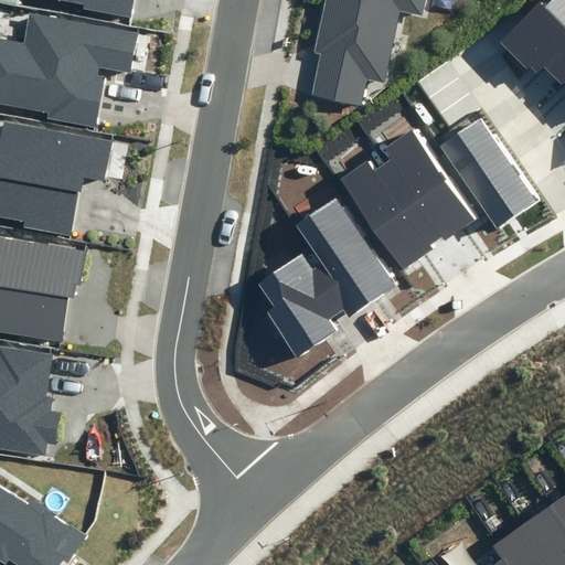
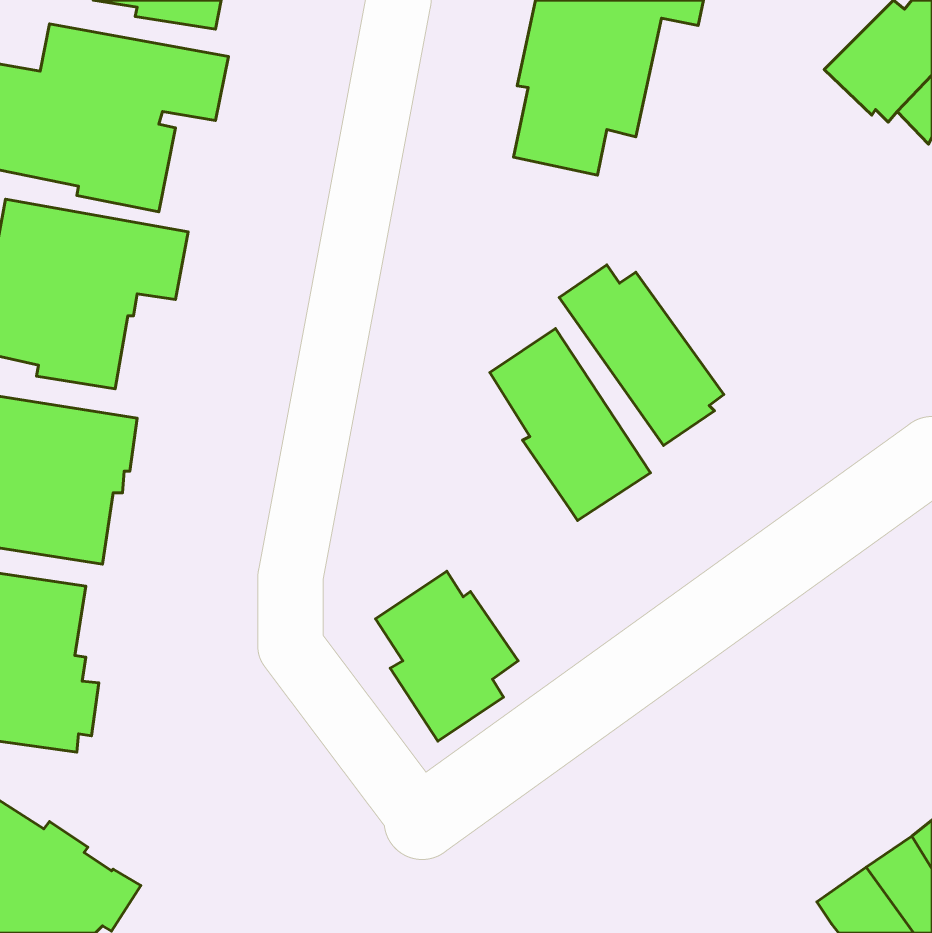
building: [439,117,537,228] -> none
building: [384,127,478,238] -> none
building: [258,254,344,356] -> [376,571,518,741]

